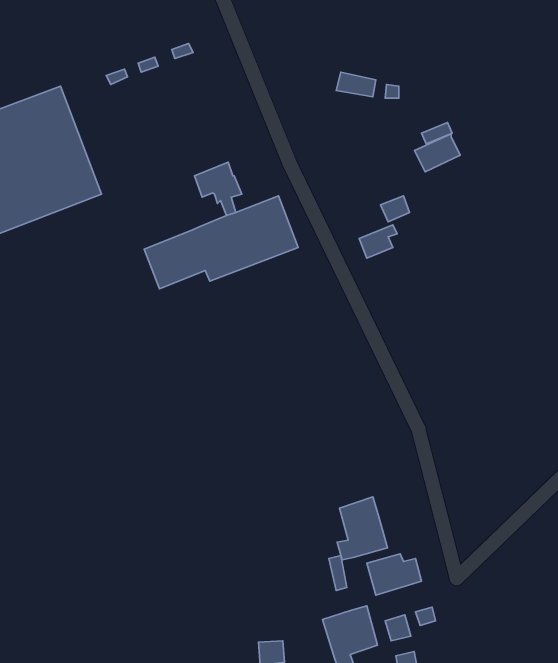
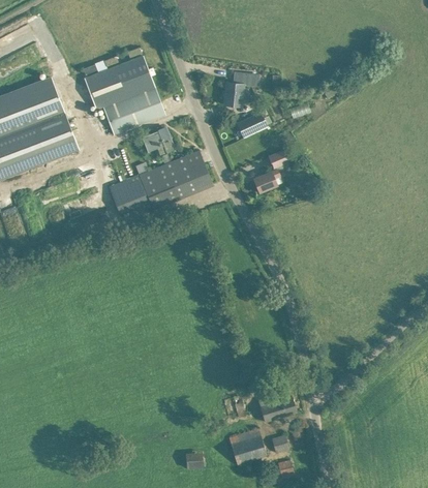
building: none -> [84,57,164,135]
building: none -> [223,84,243,106]
building: [414,134,460,172] -> [236,113,267,139]
building: [337,497,387,560] -> none

